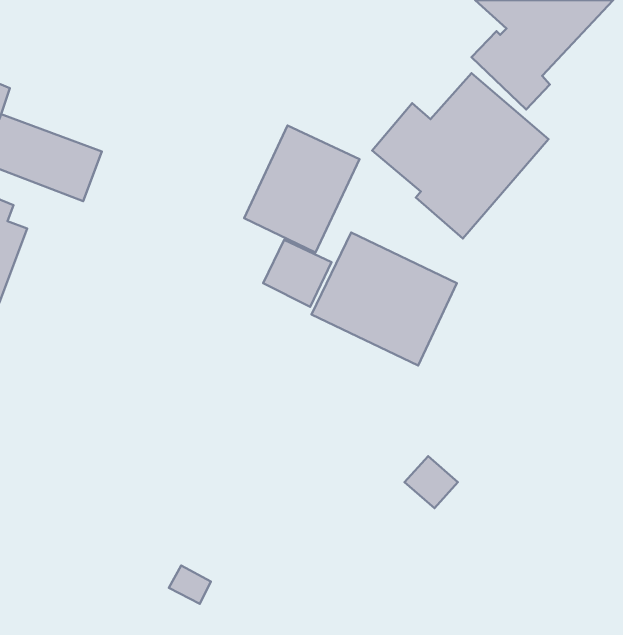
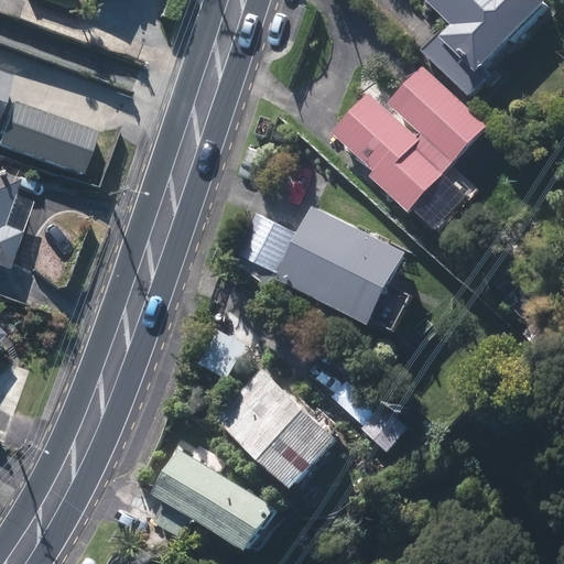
building: [244,125,360,253] -> none
building: none -> [216,365,340,486]
building: none -> [153,446,281,549]

